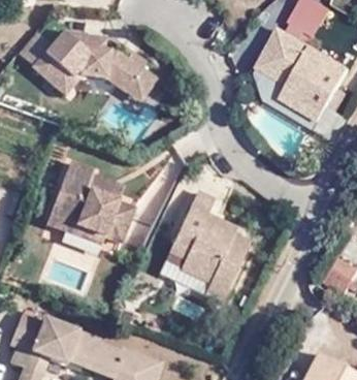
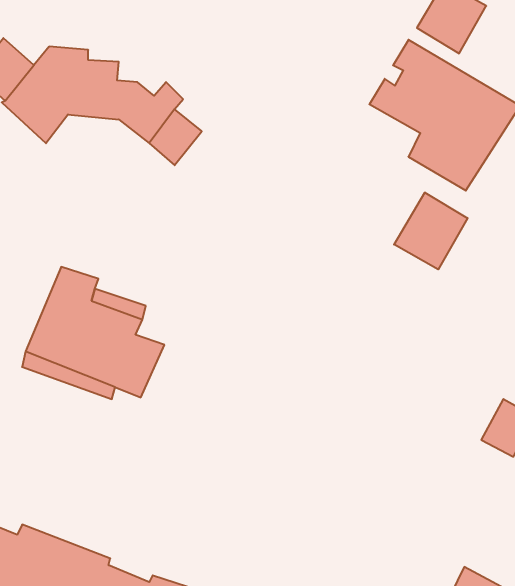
building: none -> [394,192,468,269]
building: [165,195,245,302] -> none

